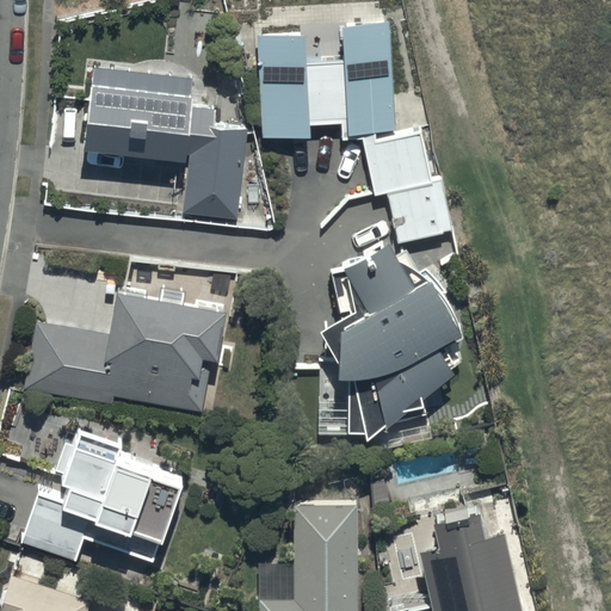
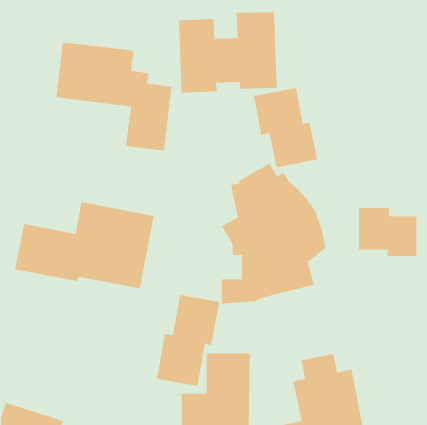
building: none -> [358,207,417,257]
building: none -> [156,294,220,387]
building: [21,430,181,561] -> none

